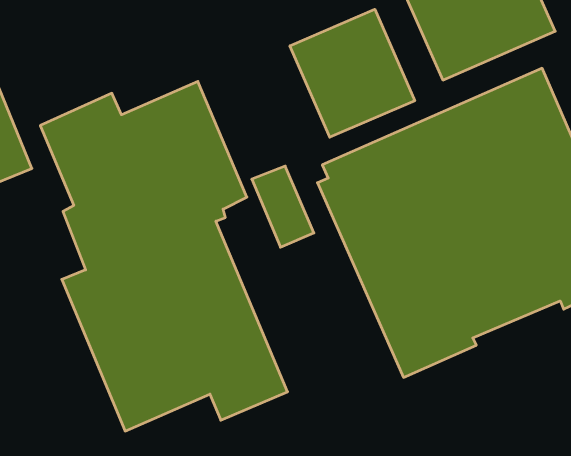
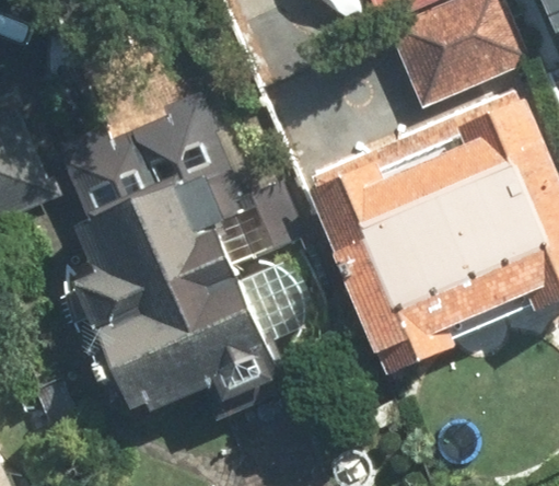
building: [290,9,415,137] -> none

